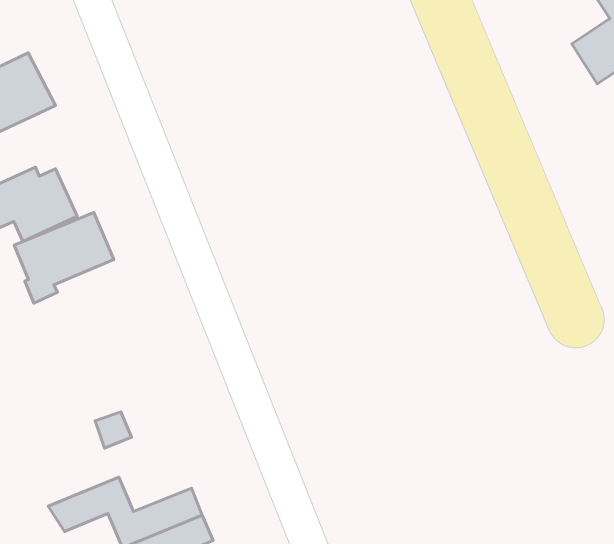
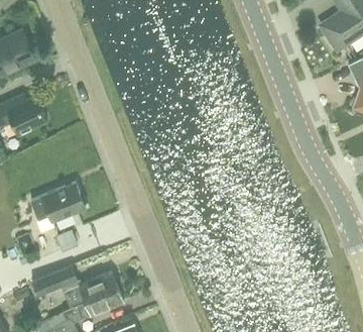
building: [14,212,114,303] -> [29,183,85,233]

